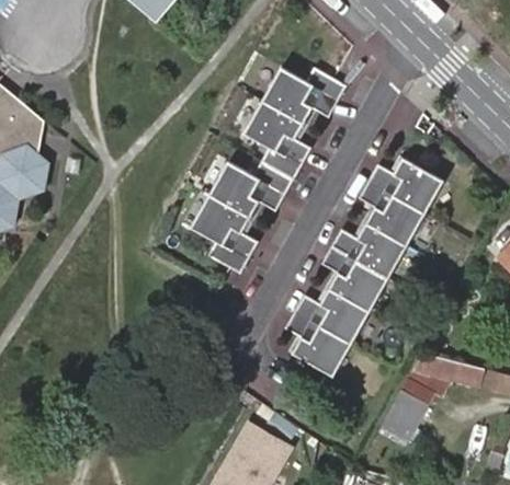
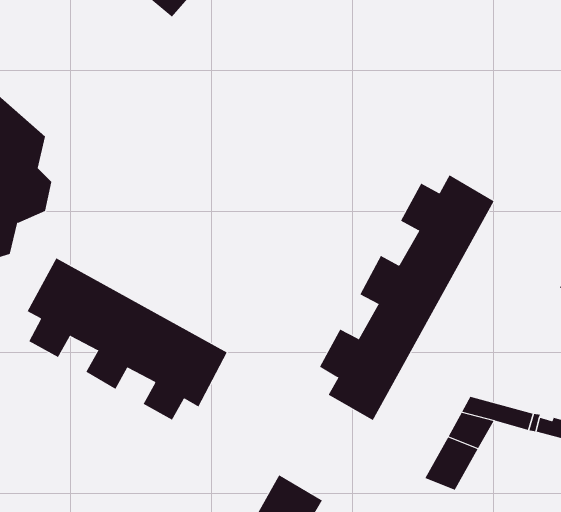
building: [193,68,345,274] -> none
building: none -> [27,257,227,421]

